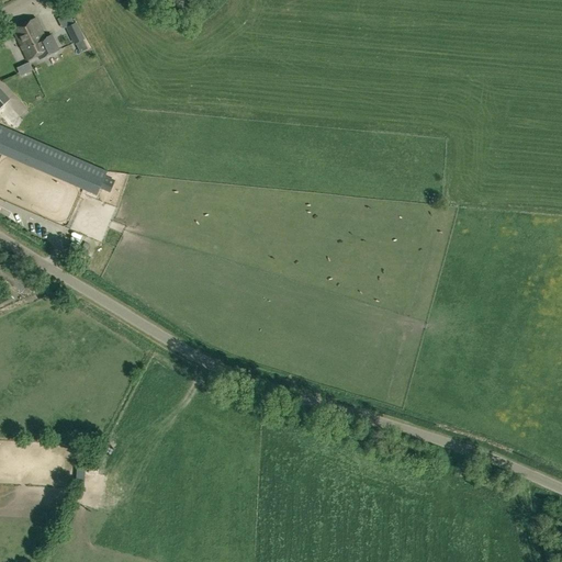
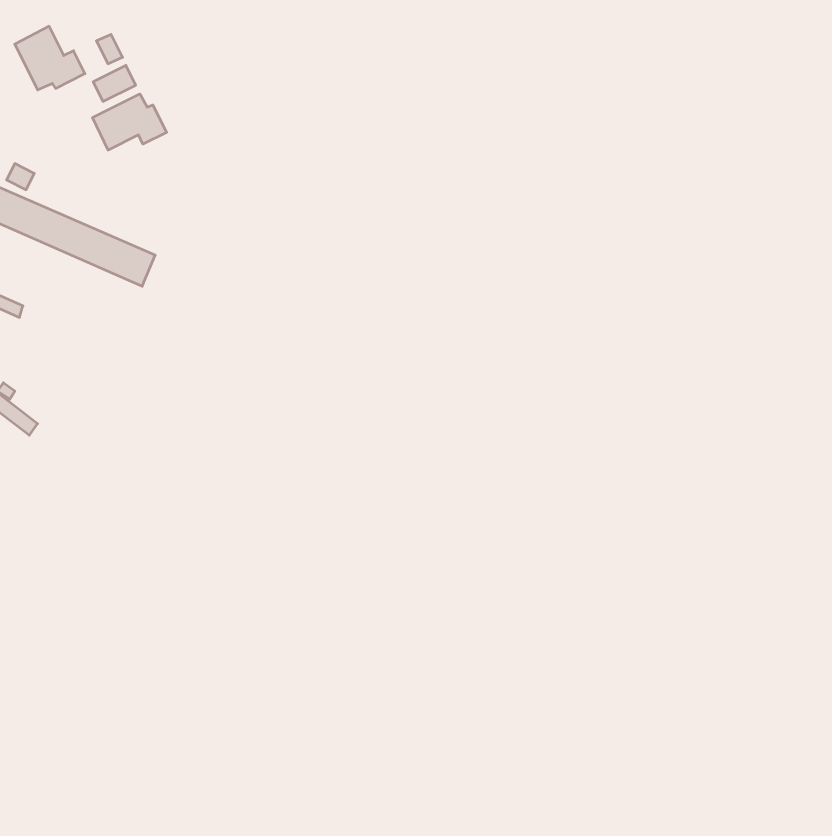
building: none -> [93,94,167,150]

